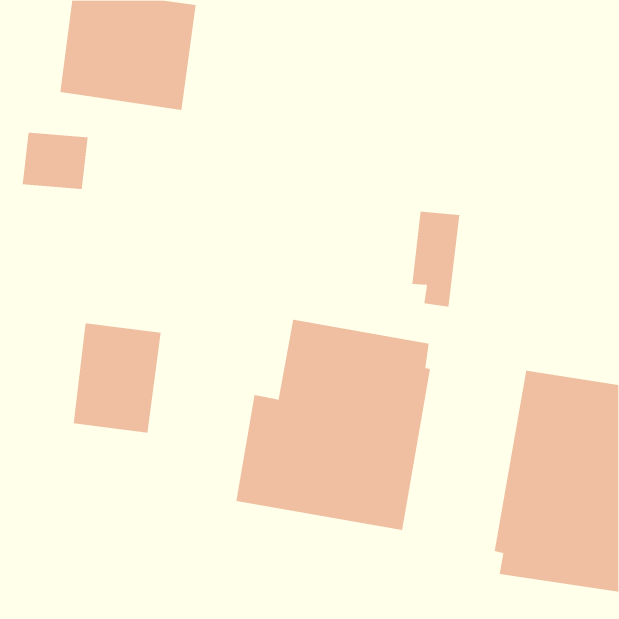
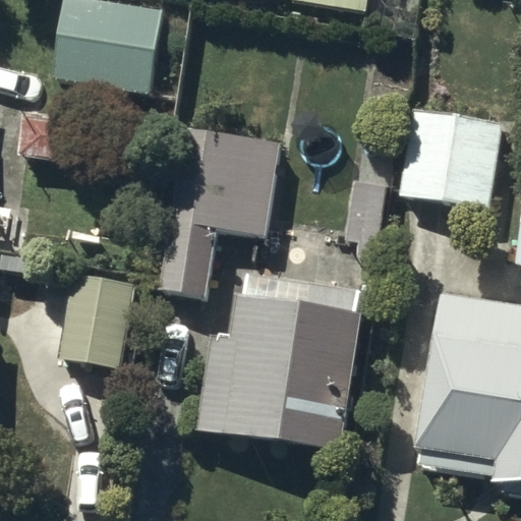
building: none -> [400,106,502,205]
building: none -> [161,136,277,305]

